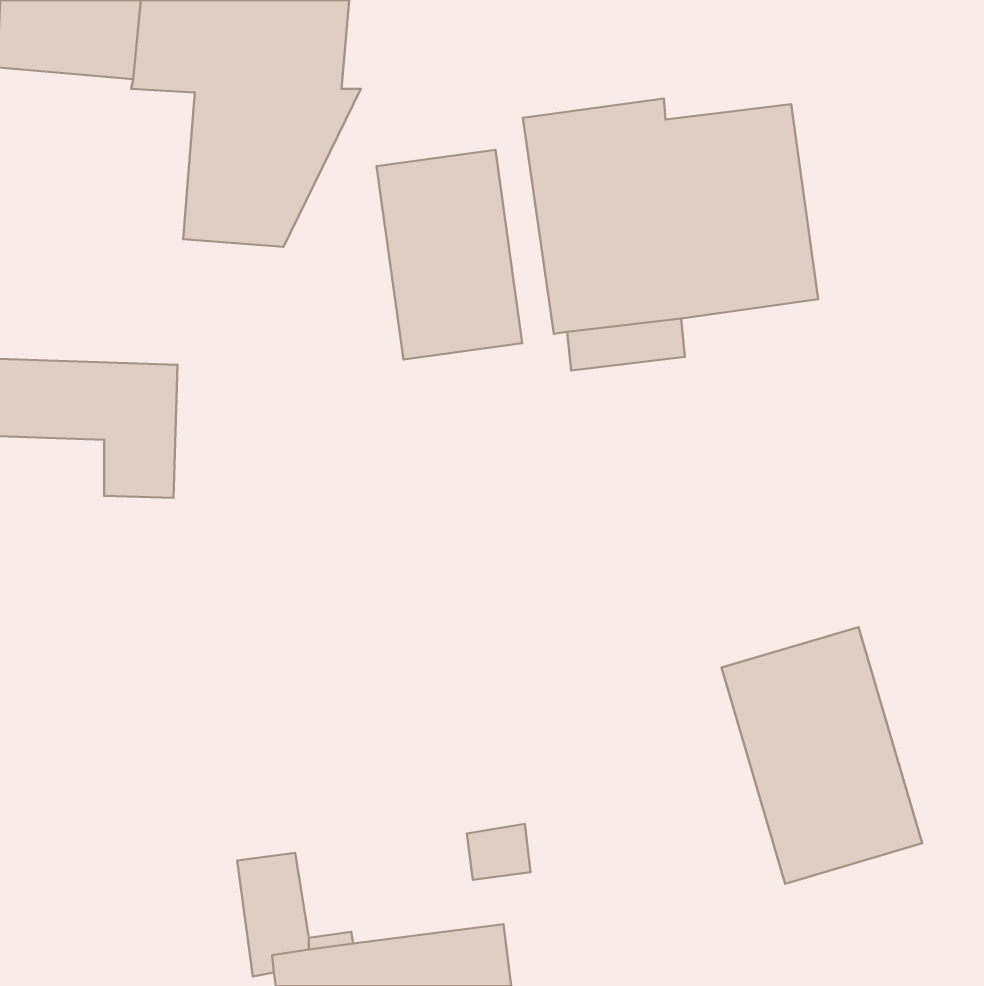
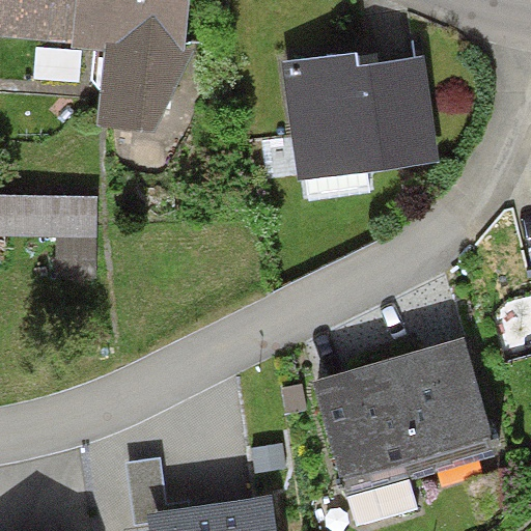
building: [377,150,522,359] -> none
building: none -> [311,359,422,497]

